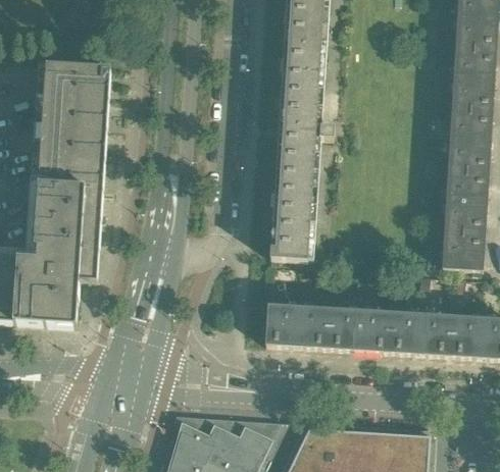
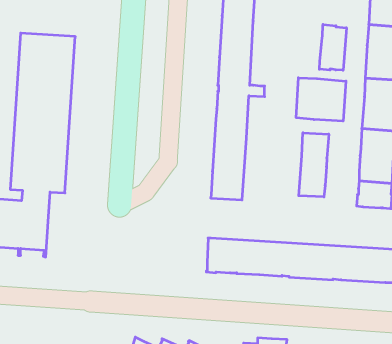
building: none -> [319,24,346,70]
building: none -> [296,78,346,121]
building: none -> [299,133,329,197]

